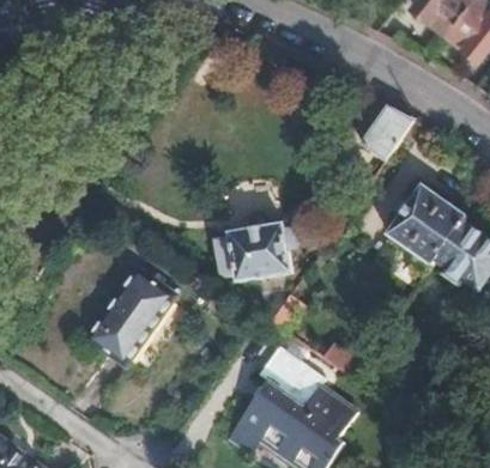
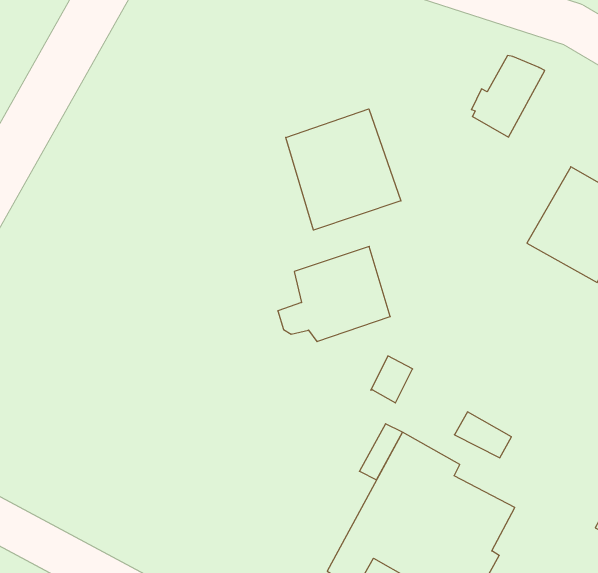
building: none -> [286,109,401,230]
building: [87,268,174,364] -> none

